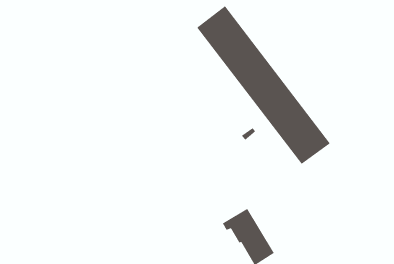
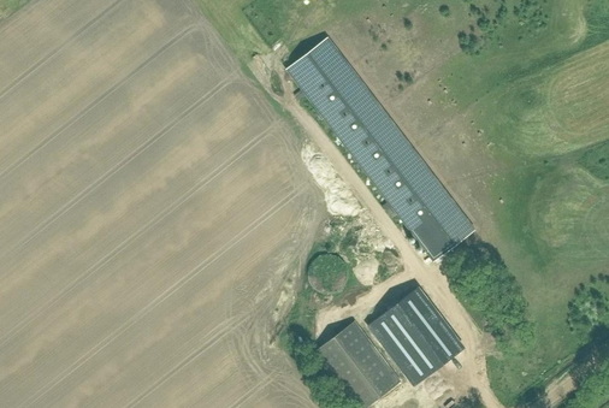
building: none -> [368,288,462,384]

